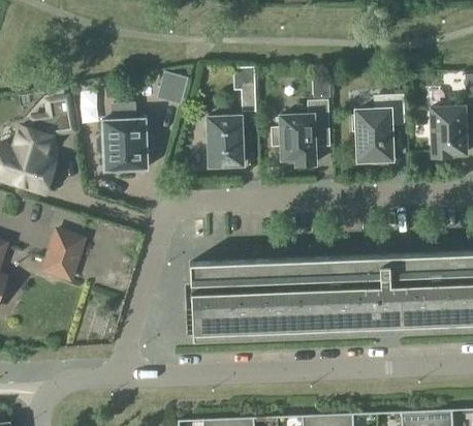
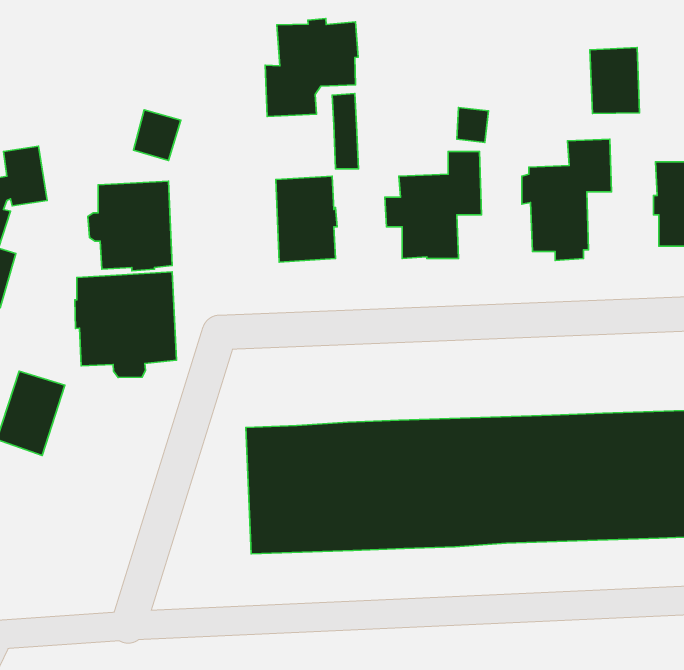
building: none -> [265,19,358,116]
building: none -> [590,47,639,114]
building: [159,73,187,103] -> [134,110,181,161]
building: none -> [75,272,177,377]

